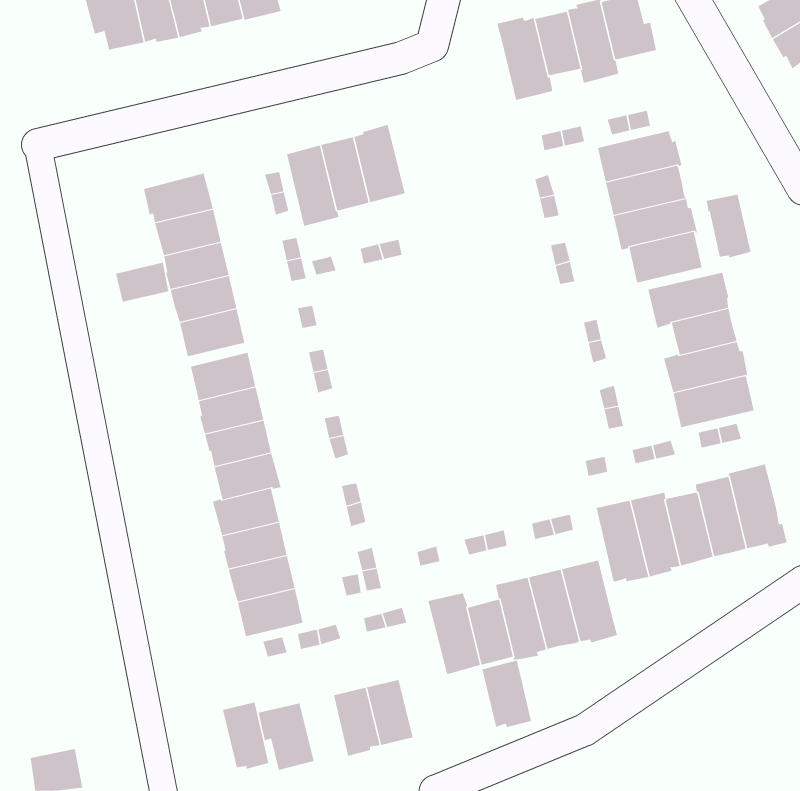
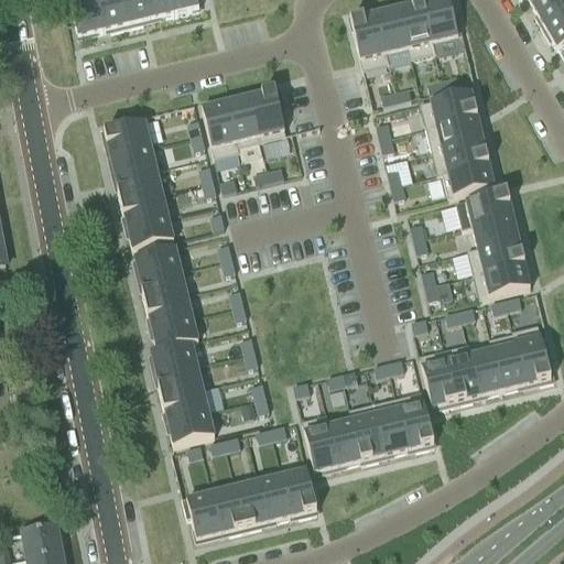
building: [706,194,752,258] -> none
building: [116,262,169,303] -> none
building: [481,660,532,727] -> [282,469,317,517]
building: [222,702,269,770] -> [213,487,246,534]

